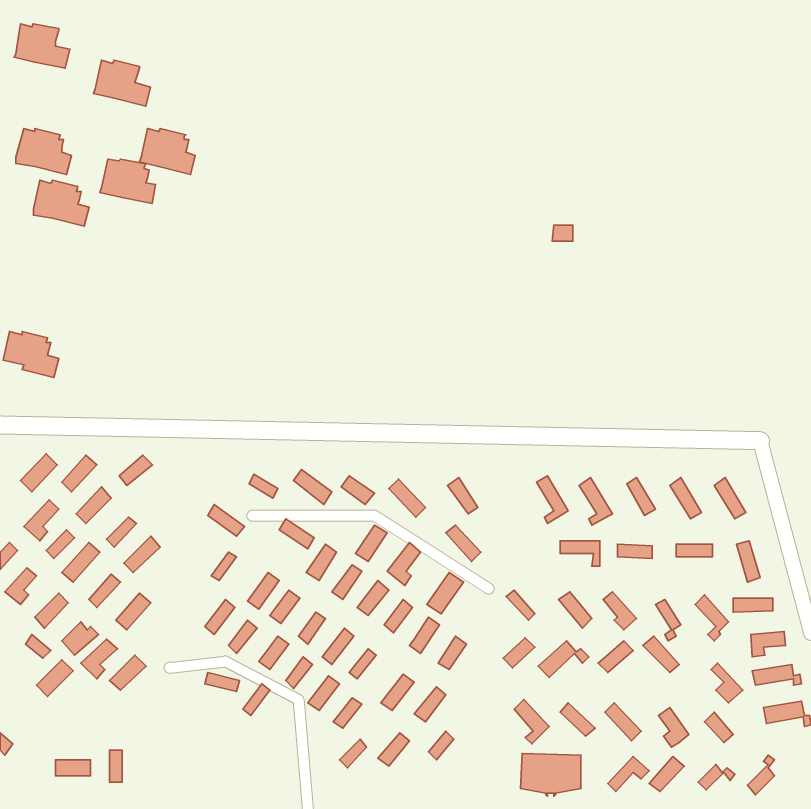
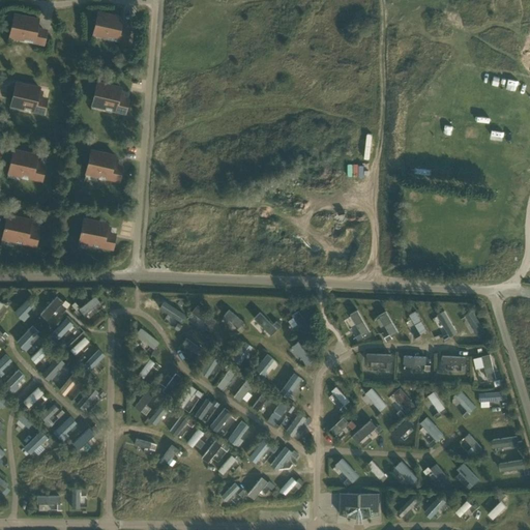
building: [94,60,151,106] -> [92,14,129,45]
building: [100,159,155,204] -> [85,153,121,182]
building: [34,180,89,226] -> [8,152,45,182]
building: none -> [79,222,115,251]

